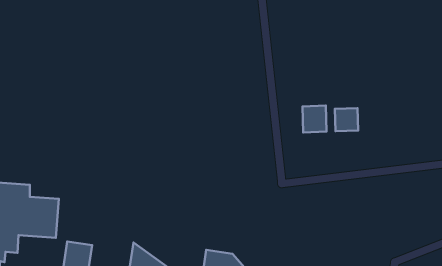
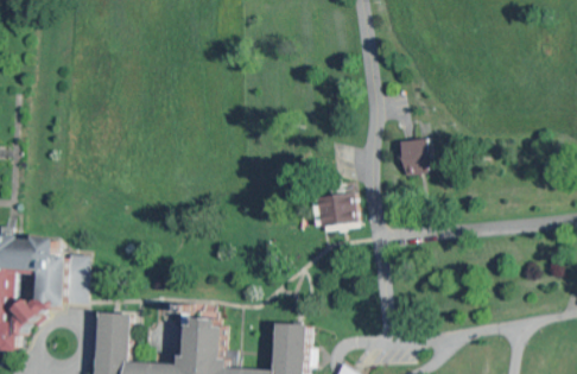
building: [335,108,358,131] -> none
building: none -> [316,194,356,230]

